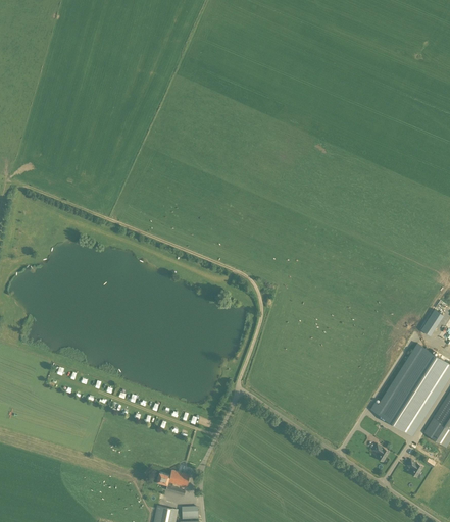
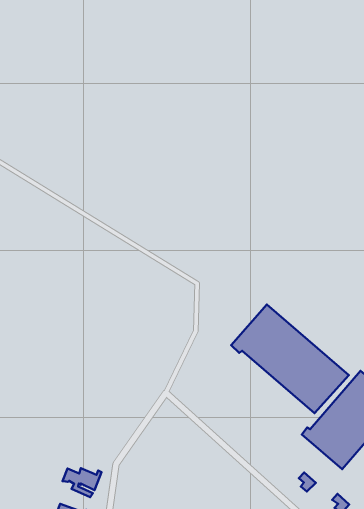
building: none -> [231,304,349,413]

